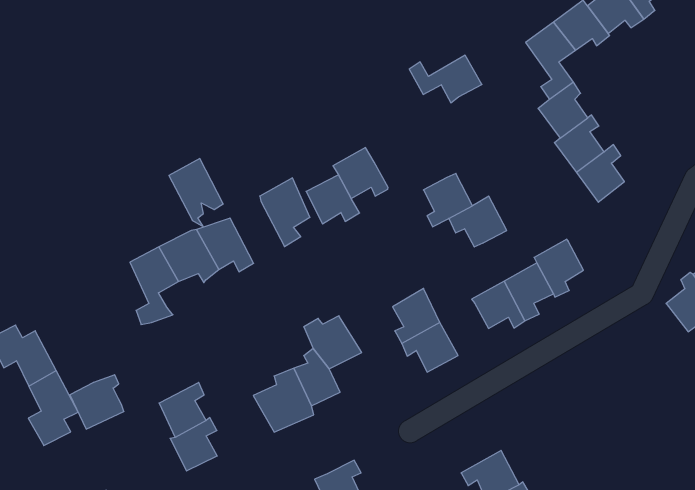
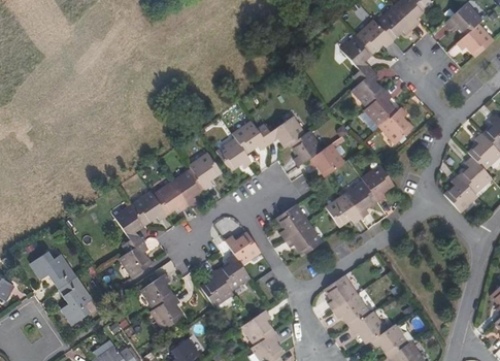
building: [409,55,482,103] -> [257,119,302,149]
building: [169,159,223,227] -> [173,163,208,204]
building: [70,375,124,429] -> [120,238,154,273]
building: none -> [324,277,355,314]

